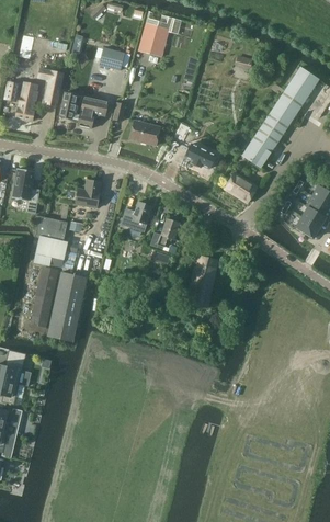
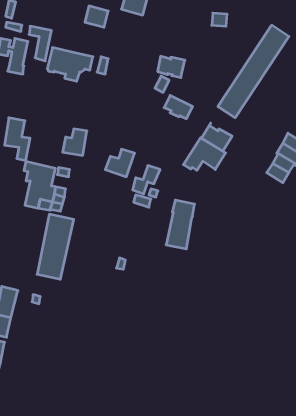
building: [129,122,159,145] -> [158,56,185,78]
building: none -> [183,138,226,170]
building: [30,266,57,328] -> none

